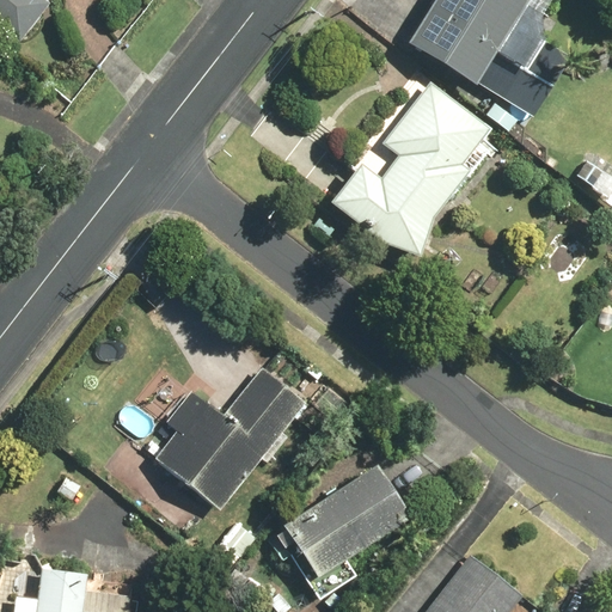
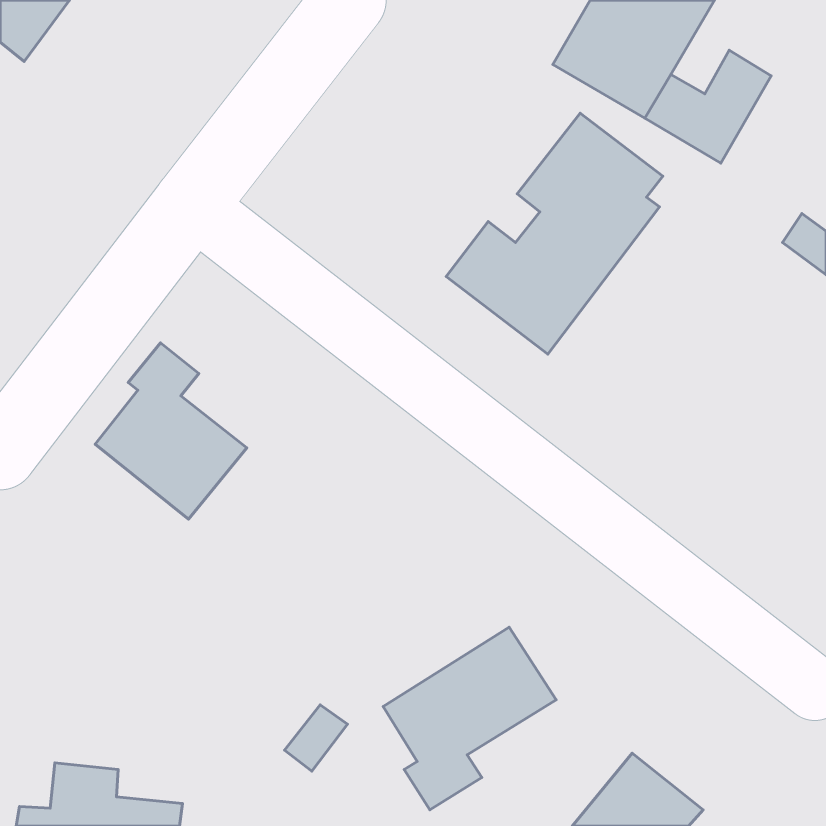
building: none -> [95,343,247,519]
building: [154,366,308,509] -> none

